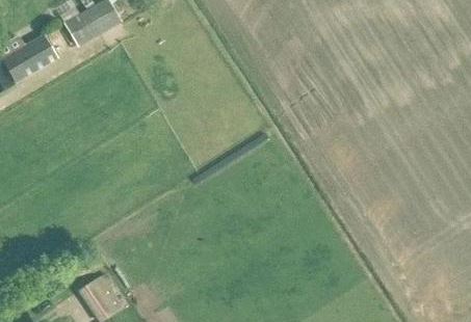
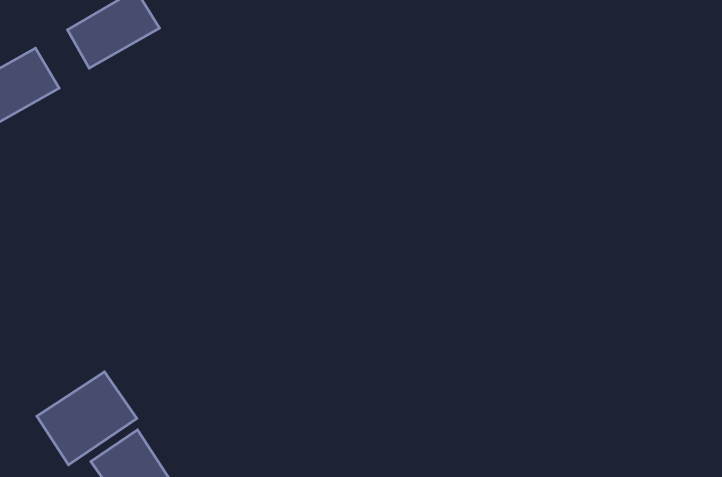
building: none -> [37,372,137,465]

